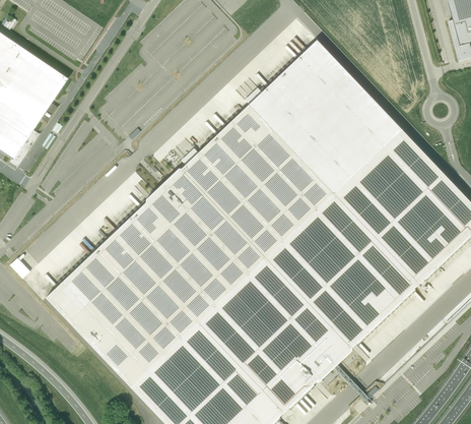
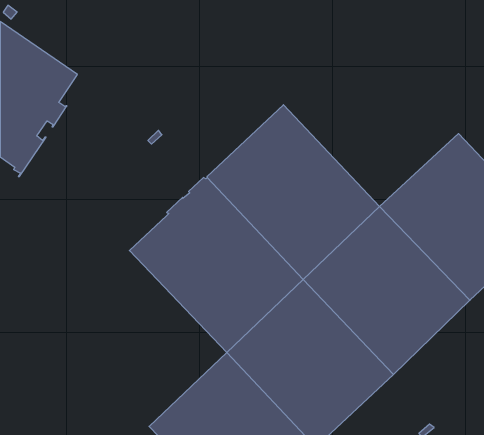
building: [249,41,402,195] -> none
building: [46,234,199,388] -> none

